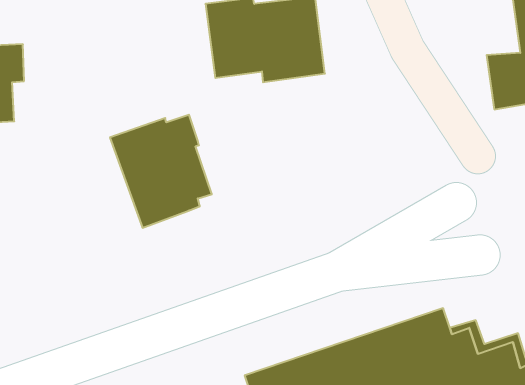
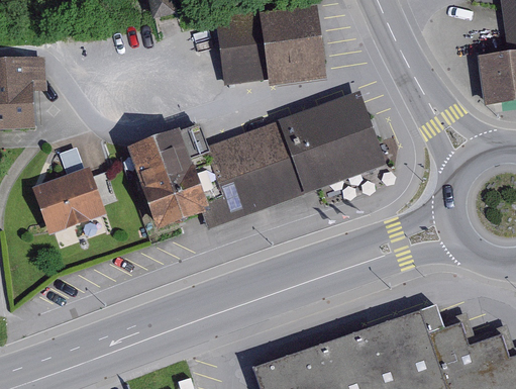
building: none -> [201,89,387,229]
building: none -> [32,166,107,234]

